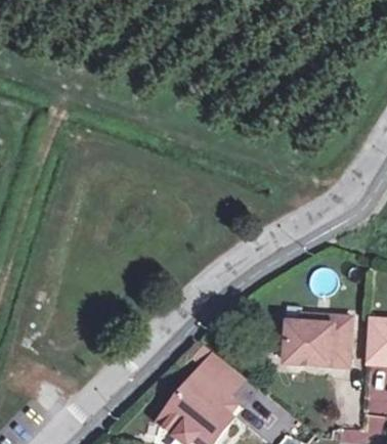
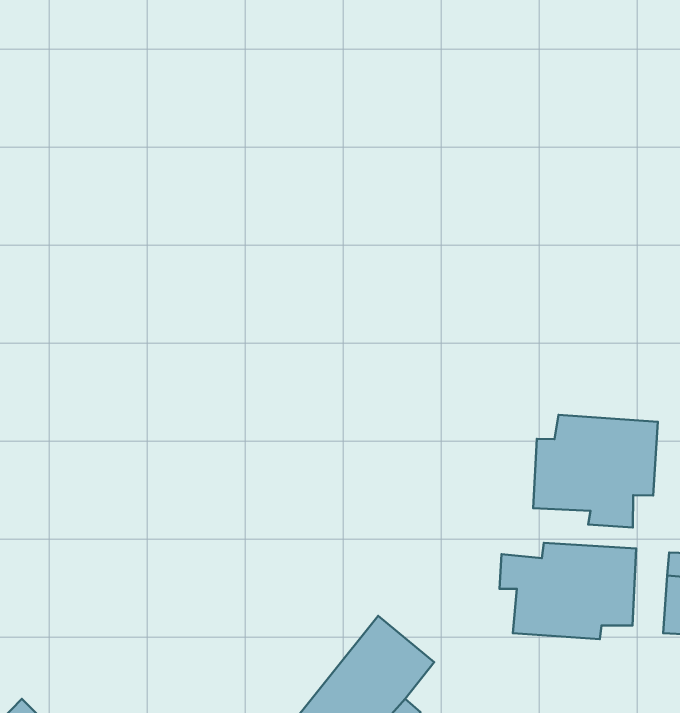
building: none -> [533,415,658,528]

